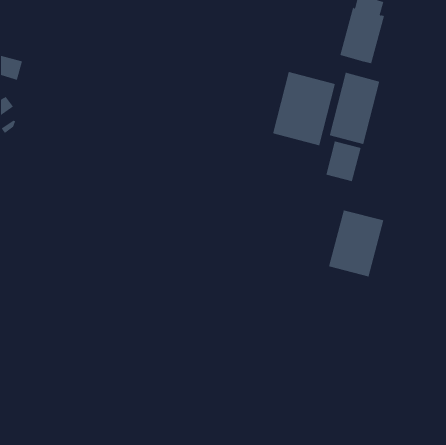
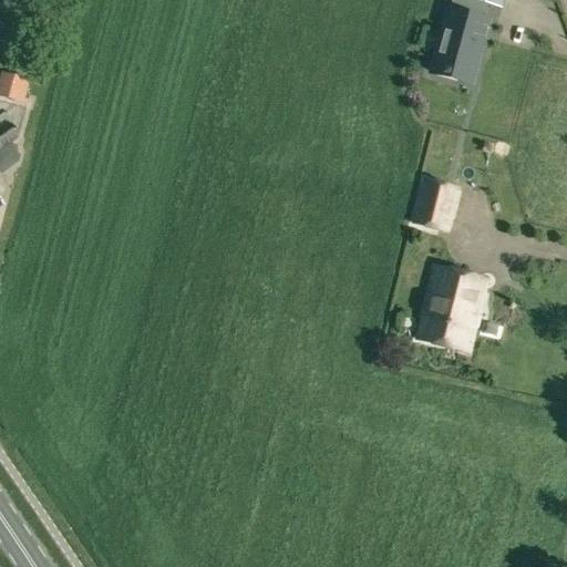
building: [272,71,336,146] -> none
building: [329,72,380,145] -> none

